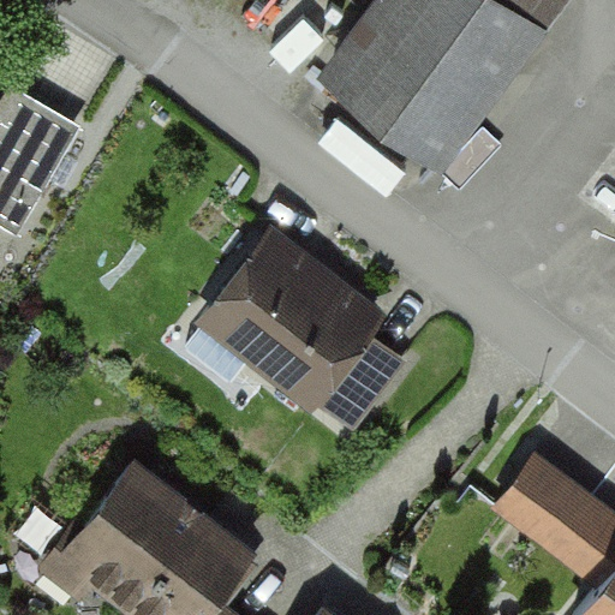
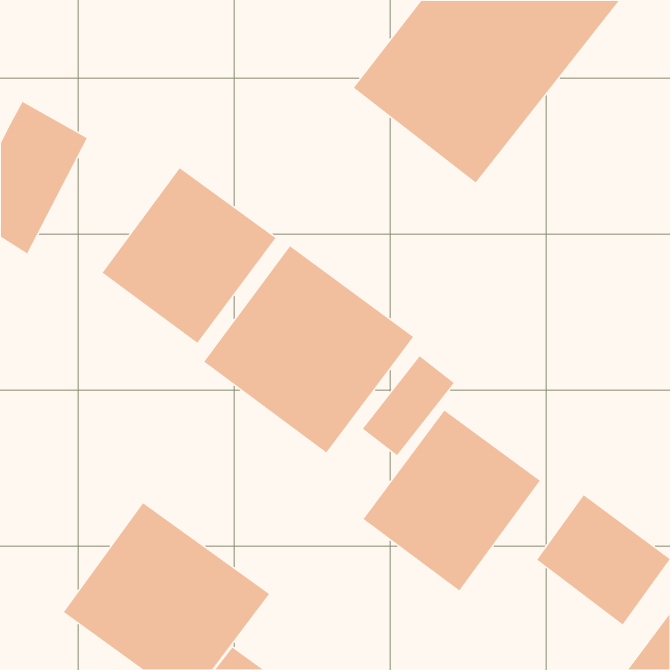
building: none -> [101,167,276,344]
building: none -> [363,409,541,592]

